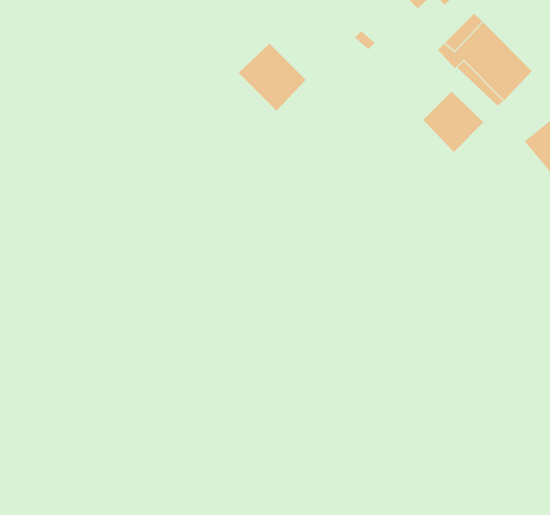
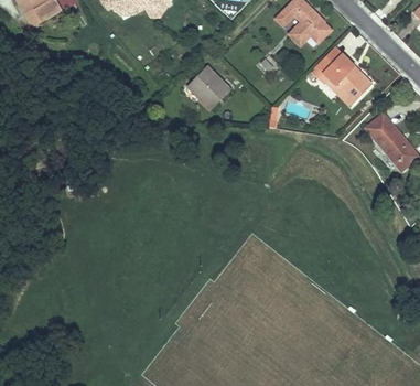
building: [422,91,484,153] -> none

